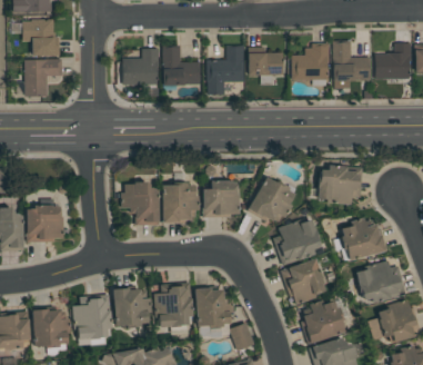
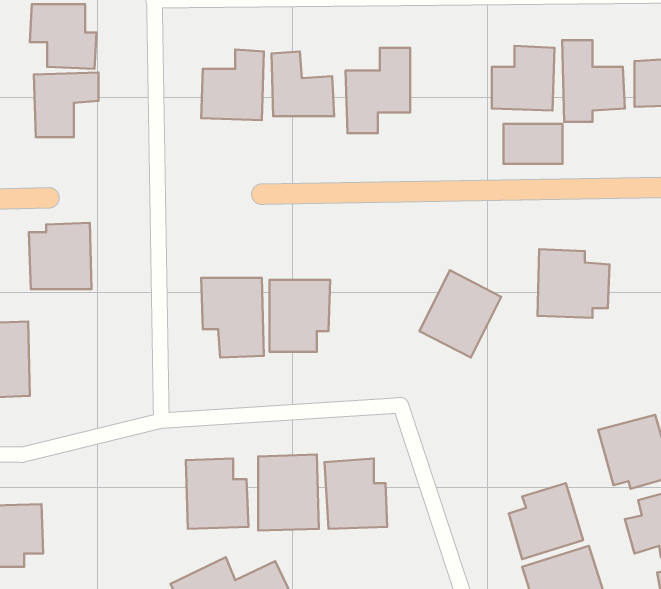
building: [249,52,283,76] -> [504,124,563,164]
building: [203,177,239,216] -> none
building: [26,201,62,240] -> [29,223,92,289]
building: [273,216,323,264] -> none
building: [340,218,385,262] -> none
building: [283,259,326,304] -> none
building: [74,294,110,341] -> none
building: [32,306,68,347] -> none
building: [229,322,254,352] -> none

